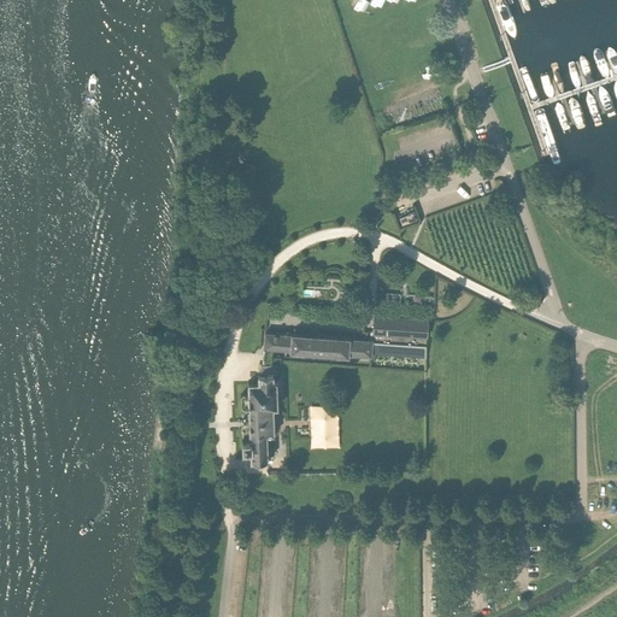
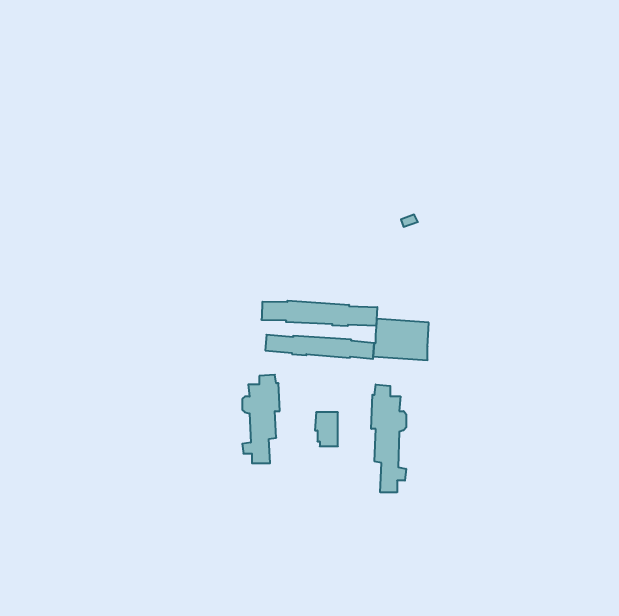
building: none -> [262,301,377,326]
building: none -> [371,384,406,492]

